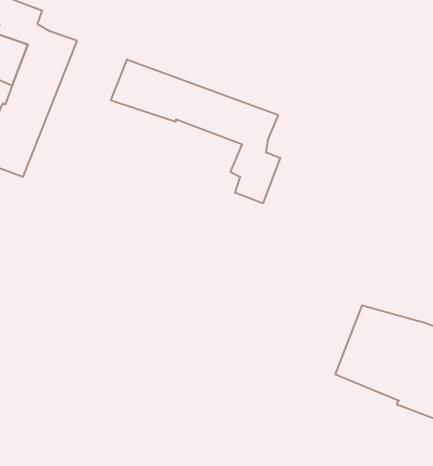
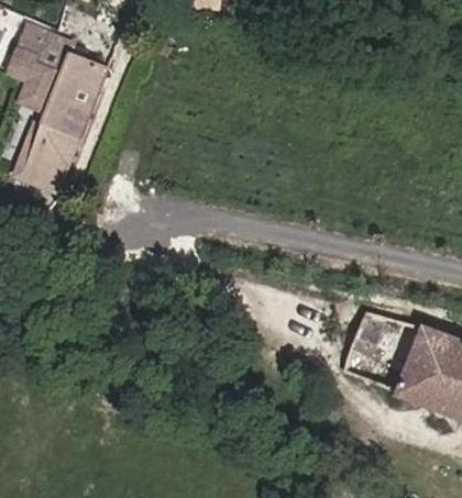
building: [111,59,280,203] -> none

